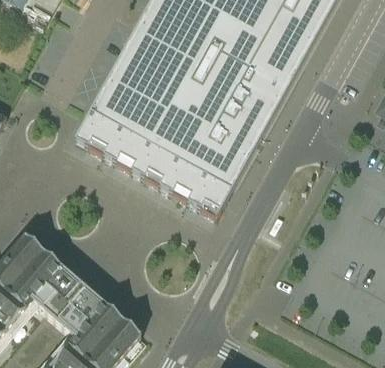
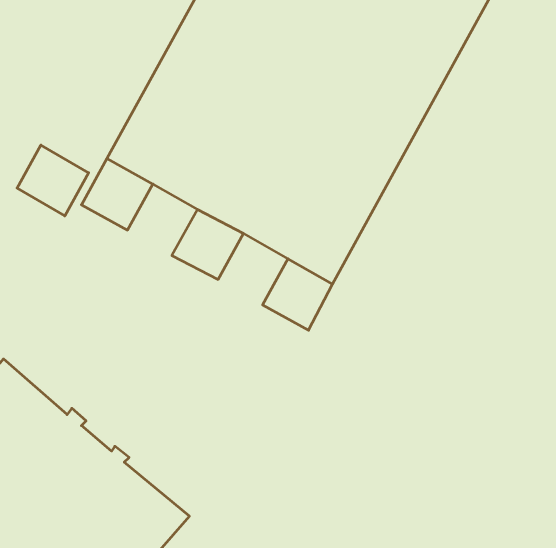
building: none -> [17,145,89,216]
building: [103,127,147,172] -> none
building: [160,158,204,203] -> none

